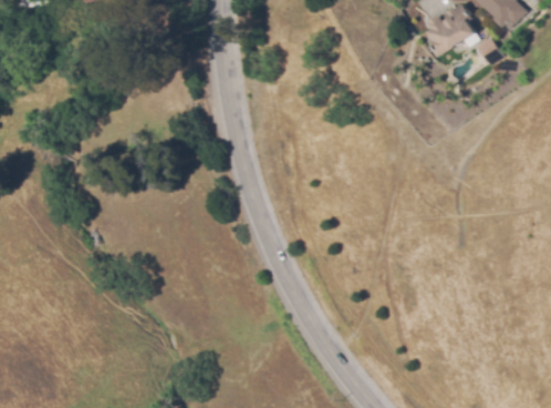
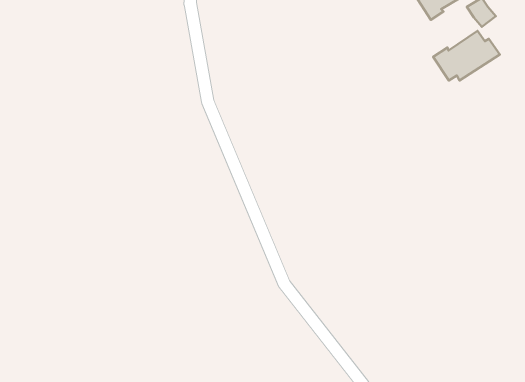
building: none -> [433,31,500,81]

